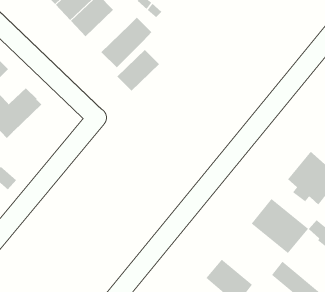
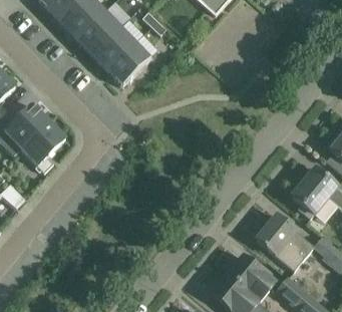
building: [117,49,160,91] -> [91,27,134,69]
building: none -> [20,121,65,173]
building: none -> [227,256,274,301]

